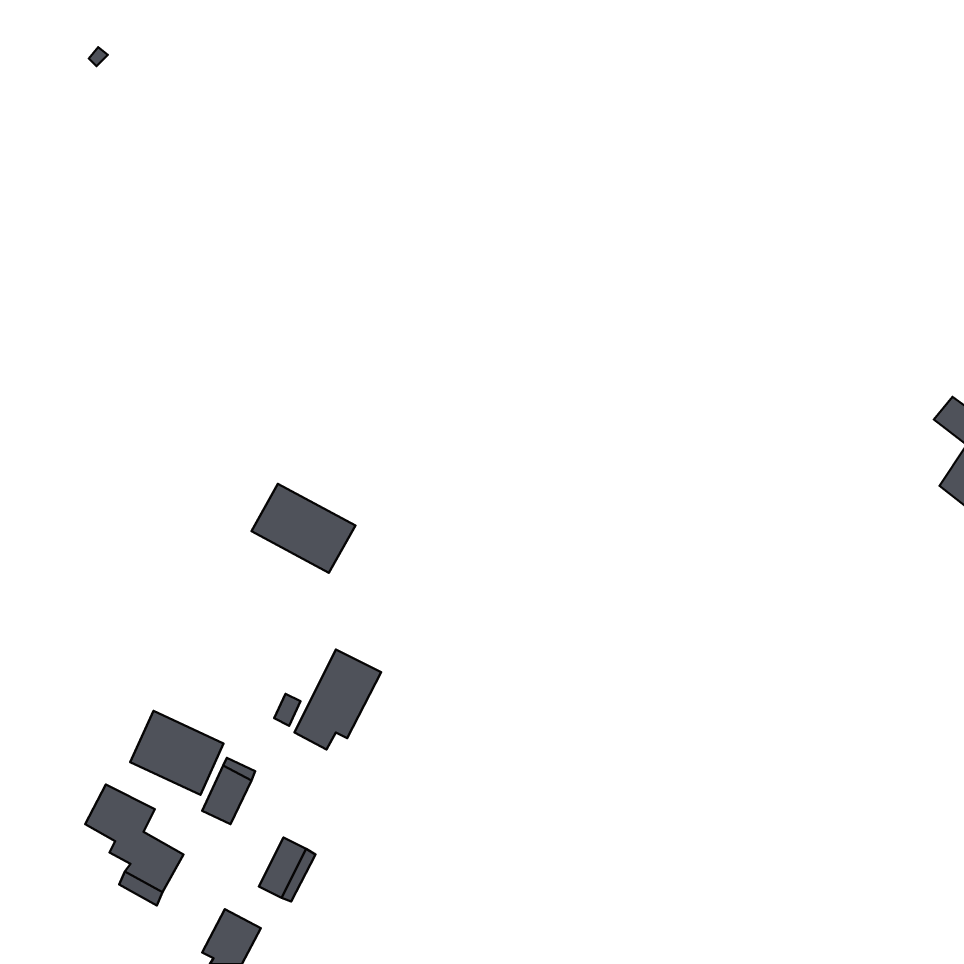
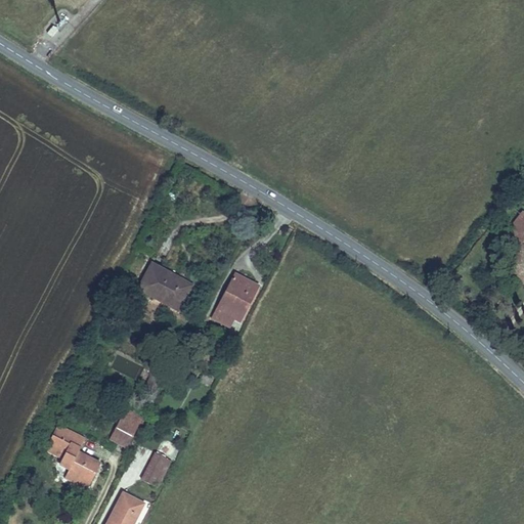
building: [294,649,381,750] -> [212,272,259,326]
building: [130,711,224,795] -> none

